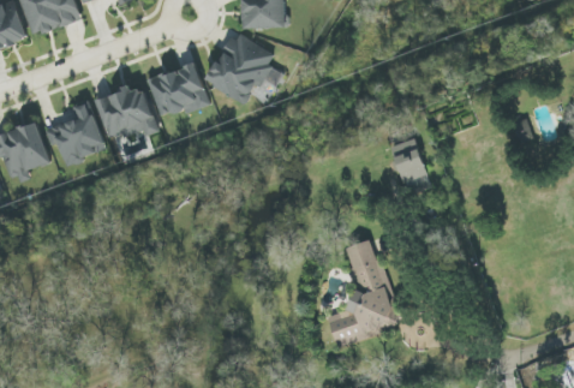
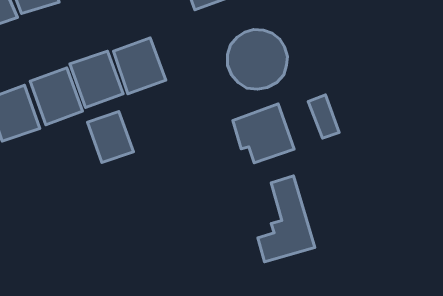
building: [203,30,277,105] -> [228,29,288,89]
building: none -> [233,104,294,163]
building: none -> [88,111,133,163]

